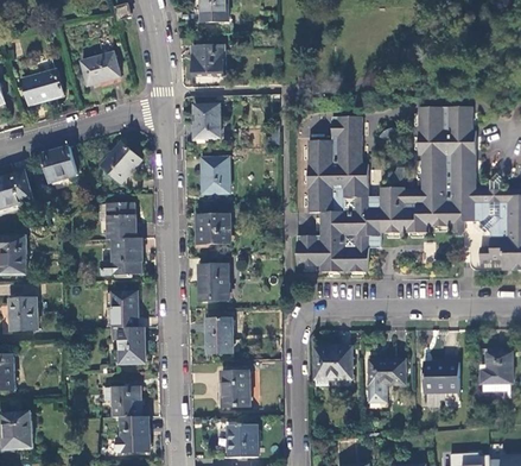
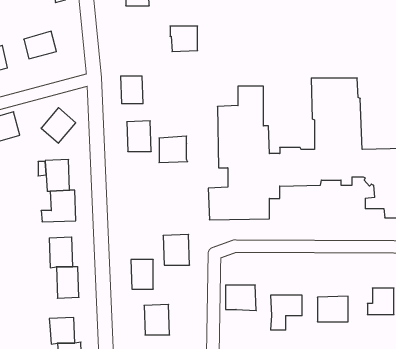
building: [192,45,224,75] -> [170,26,198,52]
building: [198,213,231,244] -> [159,136,188,163]
building: [199,265,230,301] -> [163,234,190,265]

